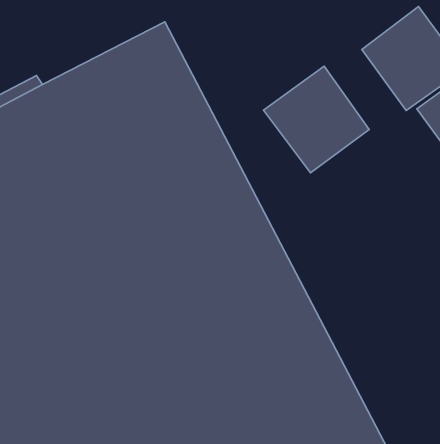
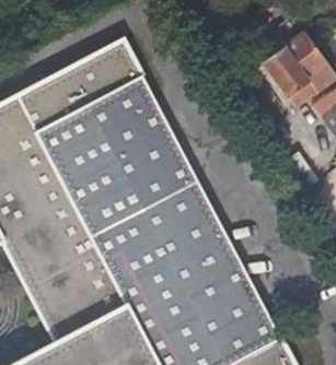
building: [264,66,369,173] -> none

